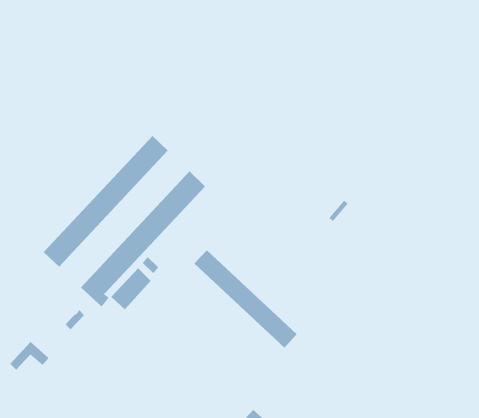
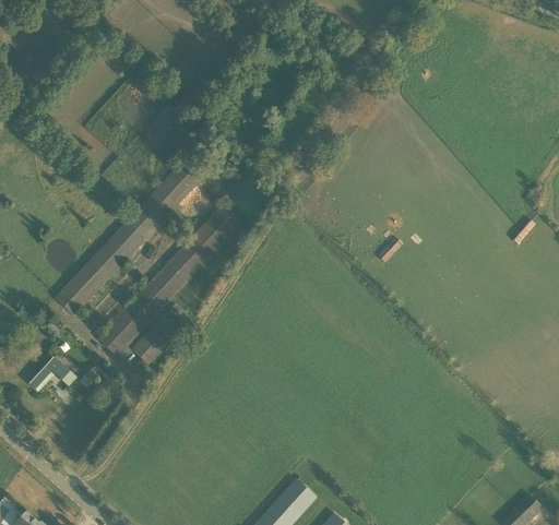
building: [194,249,297,348] -> none
building: [10,341,50,371] -> [28,358,74,392]

